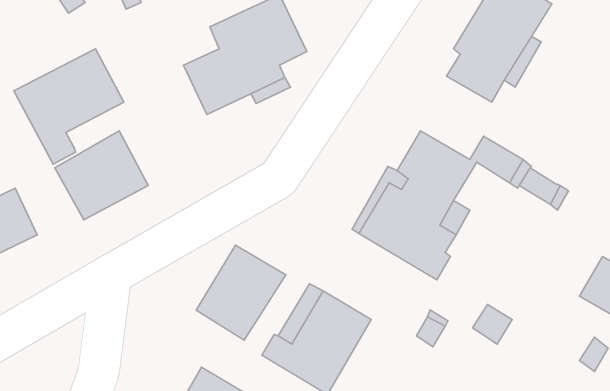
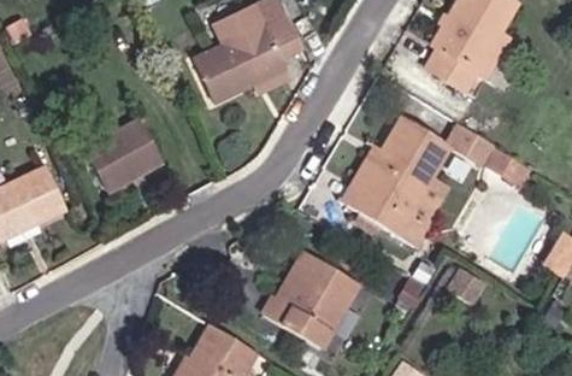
building: [14,49,124,164] -> none
building: [196,245,286,340] -> none

